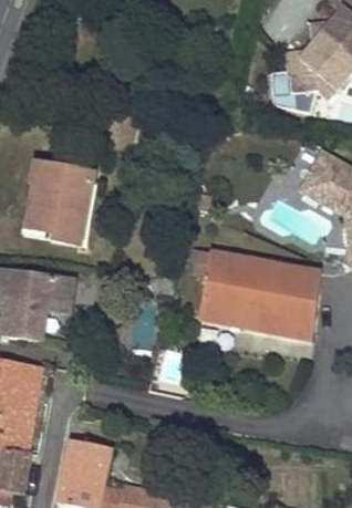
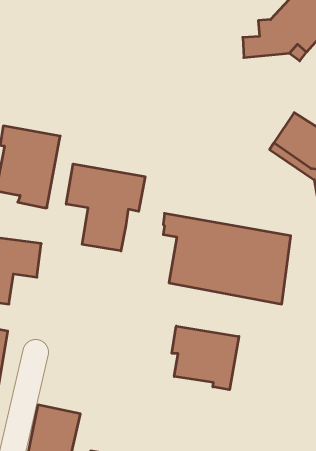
building: none -> [66,164,145,251]
building: none -> [172,326,239,390]

